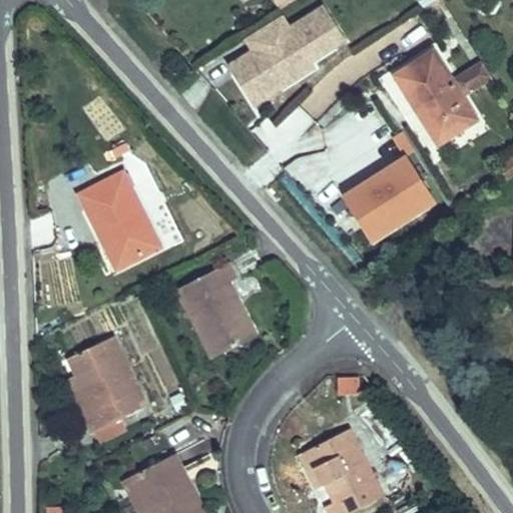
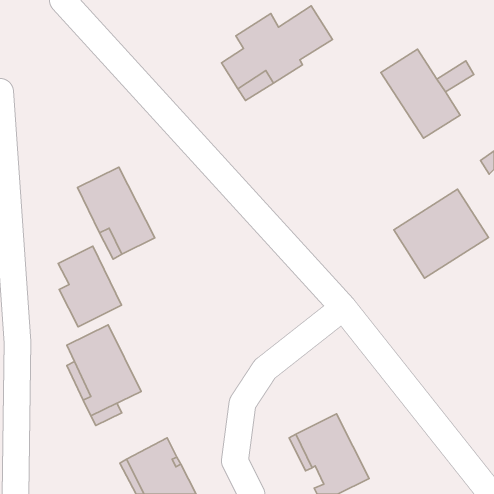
building: [340,155,438,247] -> [394,189,488,278]
building: none -> [58,246,121,327]
building: [176,263,255,358] -> none

